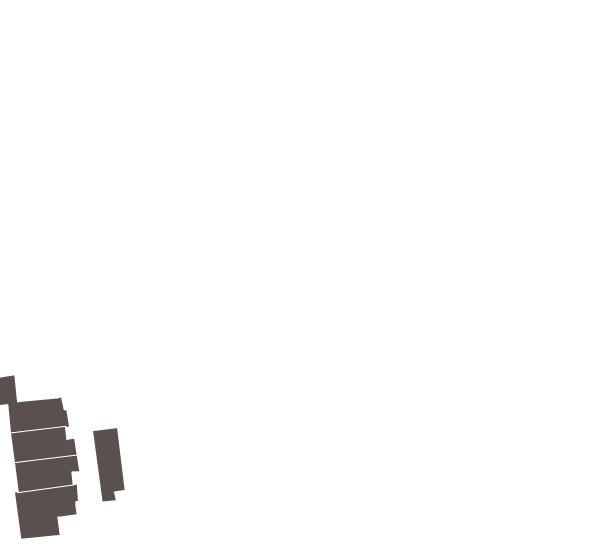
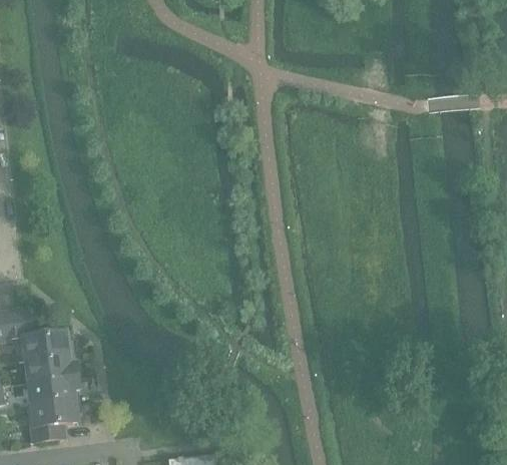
building: [92,427,125,502] -> none

